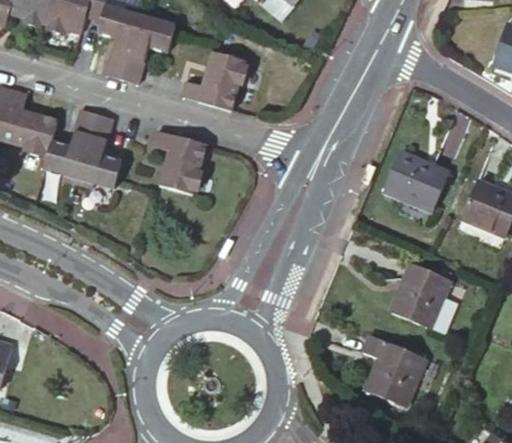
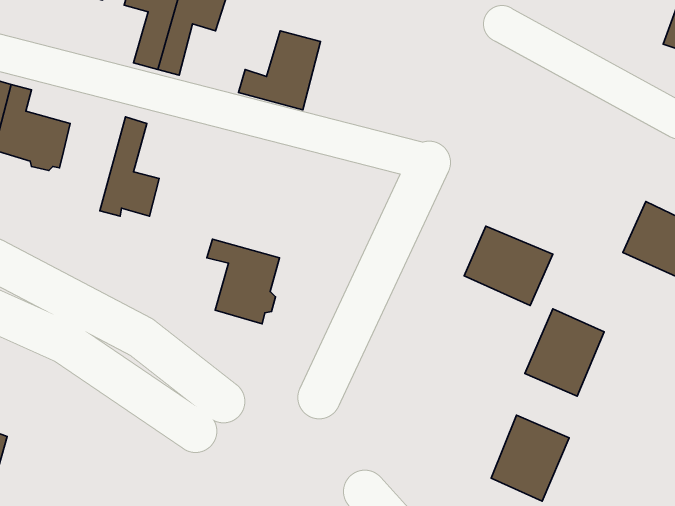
building: [43,112,96,186] -> none
building: [152,133,206,196] -> [207,239,280,324]
building: [386,151,452,210] -> [464,226,553,305]

